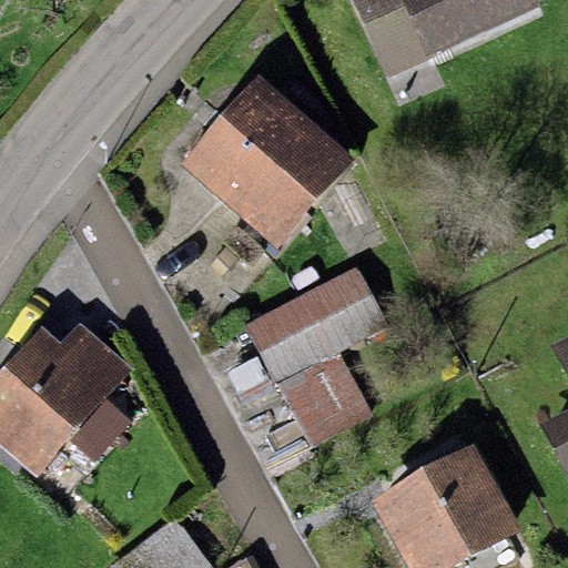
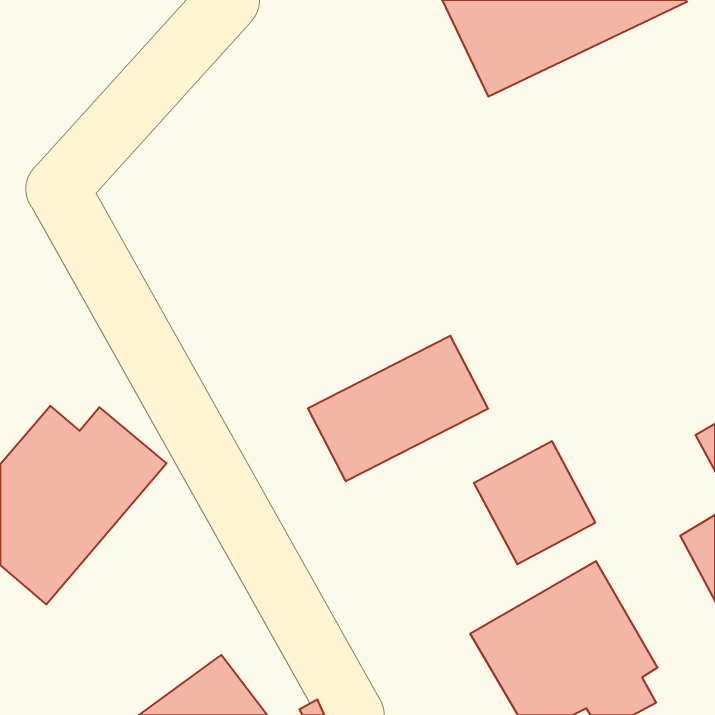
building: [181,74,356,246] -> none
building: [276,351,373,448] -> [474,441,595,564]

